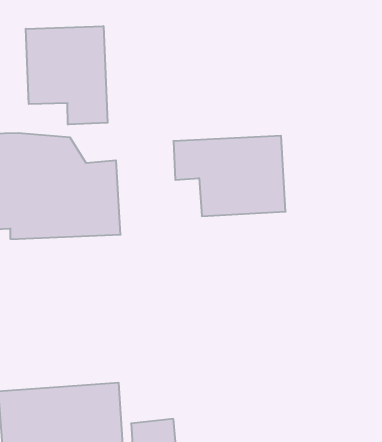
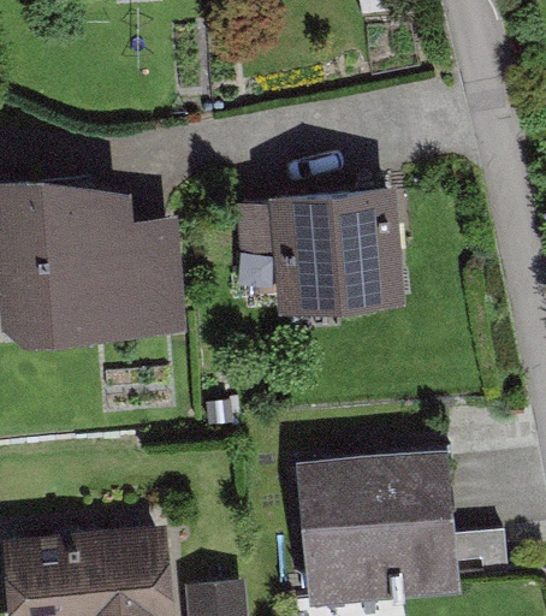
building: [26,26,108,125] -> none
building: none -> [296,446,459,609]

